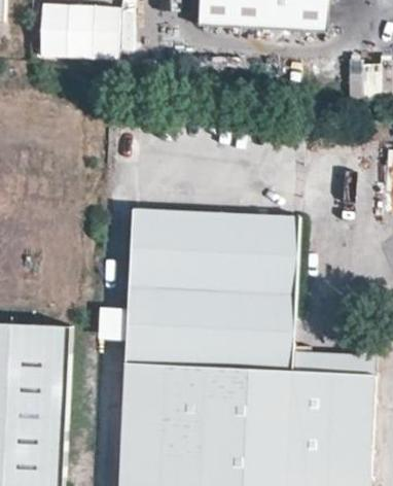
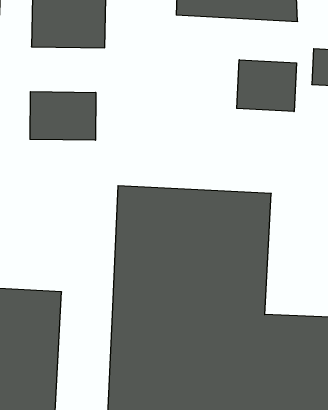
building: none -> [237,60,296,112]
building: none -> [30,92,96,140]

